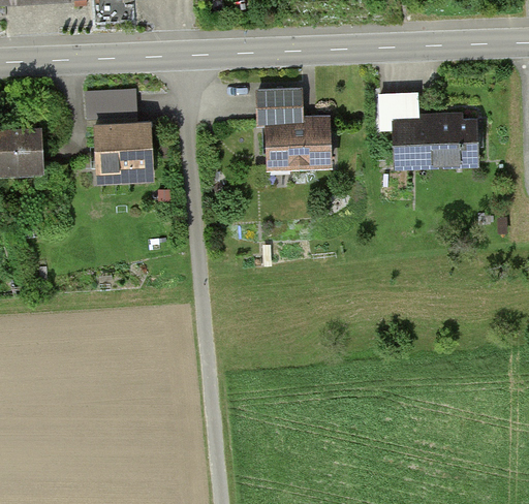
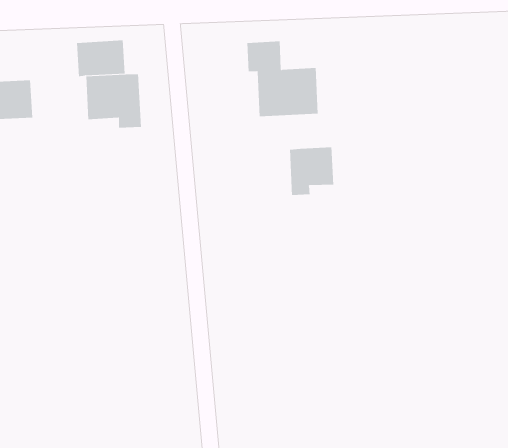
building: [379,93,477,159] -> none
building: none -> [290,147,334,196]

